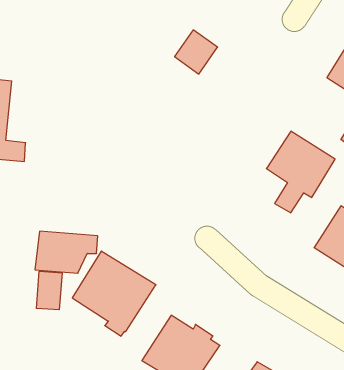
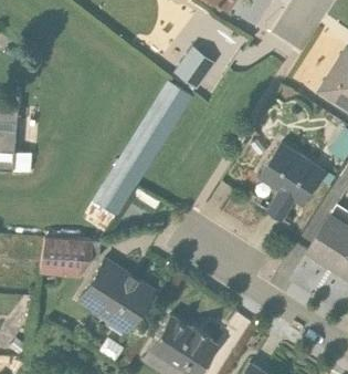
building: none -> [81,81,192,232]
building: [36,271,62,310] -> none

